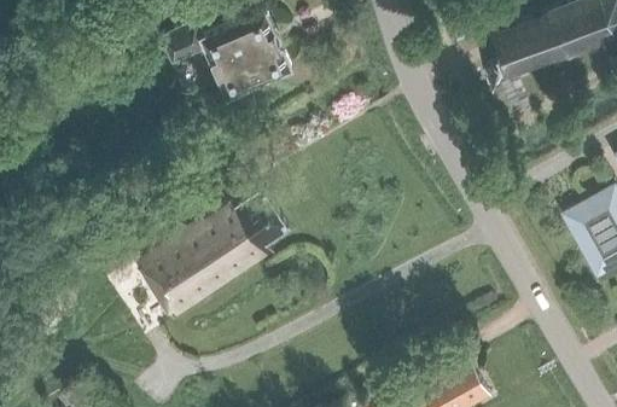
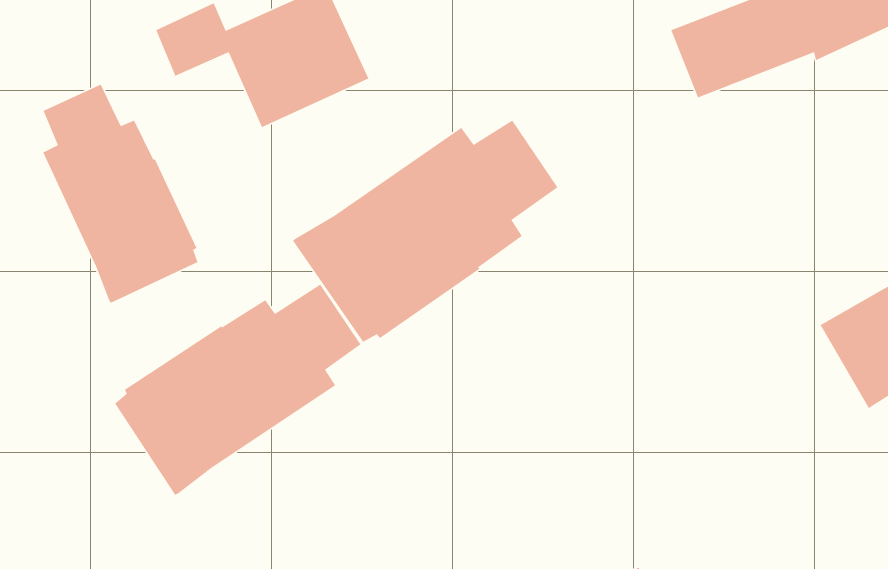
building: none -> [42,84,198,304]
building: none -> [292,119,559,343]

